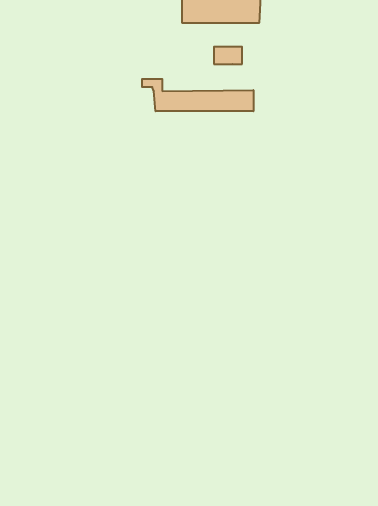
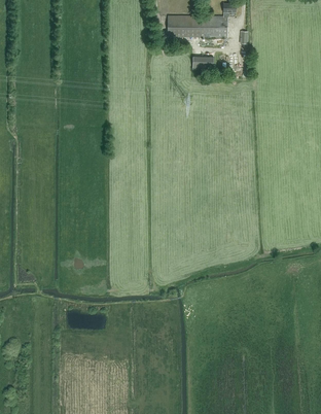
building: [142,79,253,111] -> none

